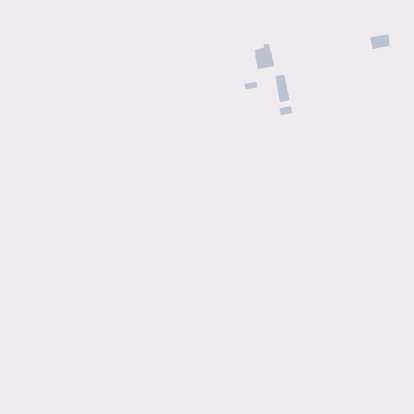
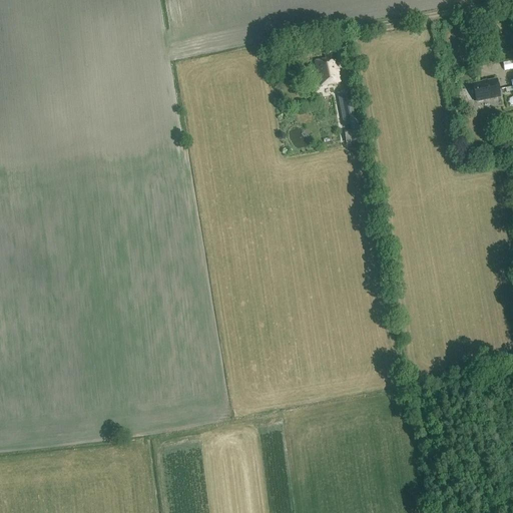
building: [370,33,391,50] -> [472,81,498,101]

